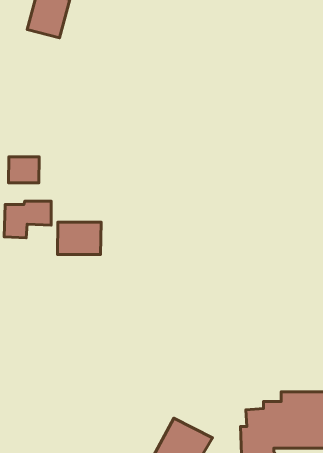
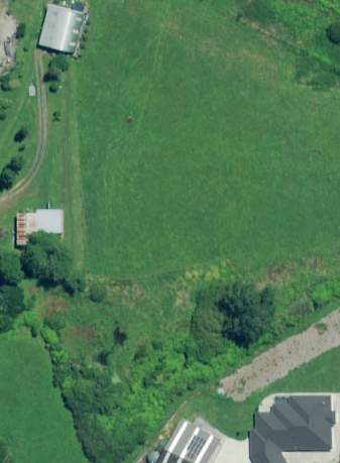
building: [9,157,39,183] -> none
building: [58,222,101,254] -> none

